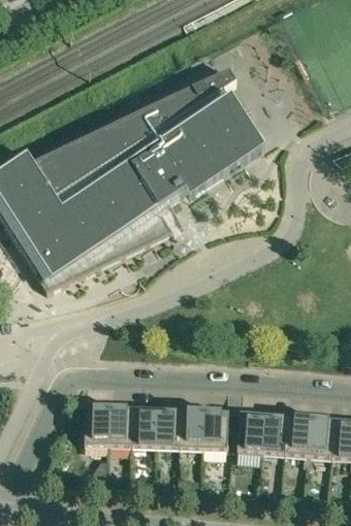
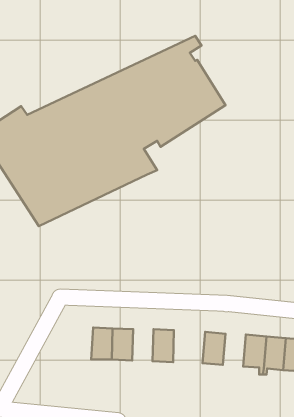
building: [85,406,110,443] -> none
building: [156,408,181,446] -> none
building: [203,409,228,447] -> none
building: [261,414,288,452] -> none

